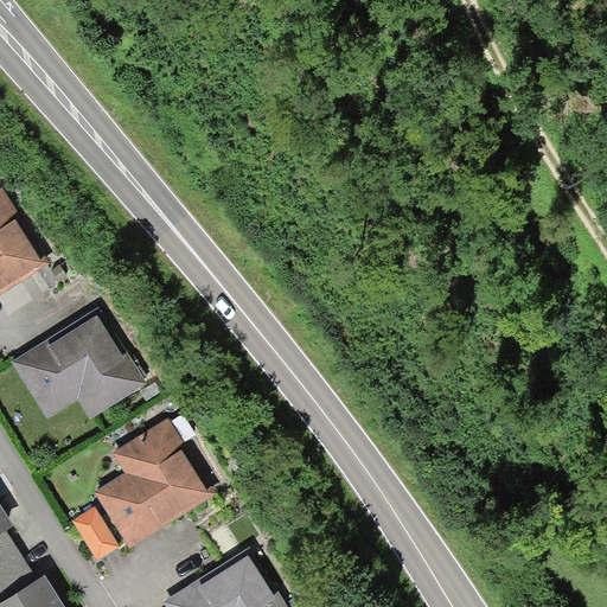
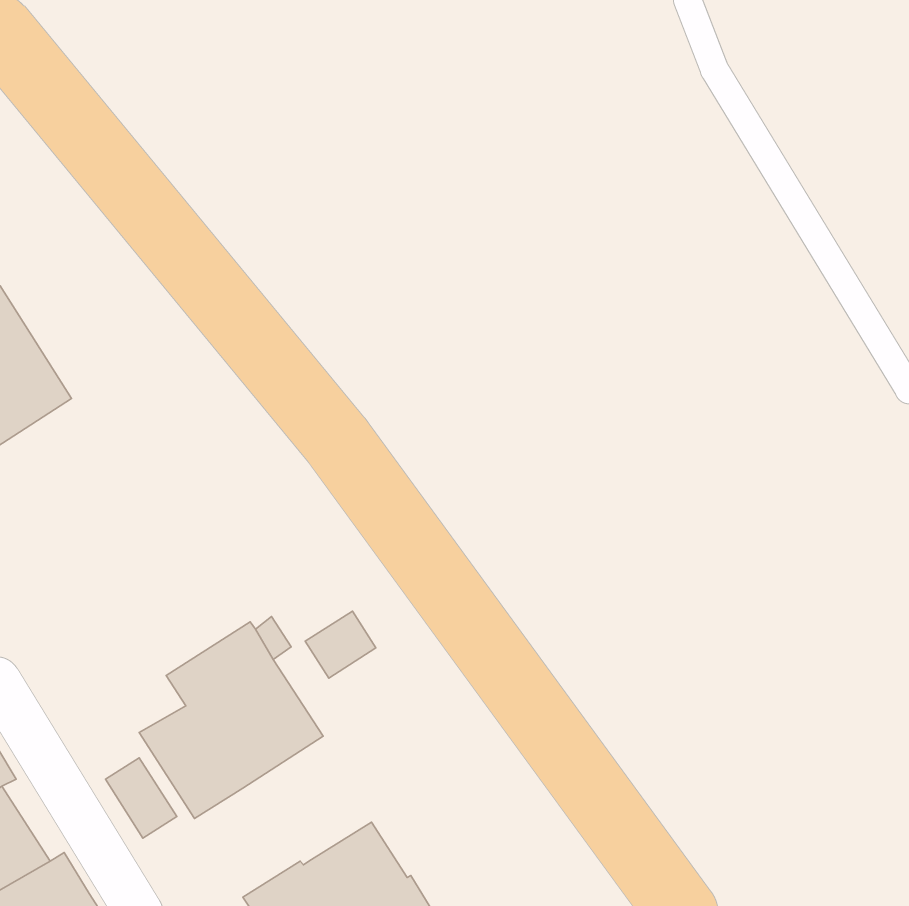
building: [11,311,146,418] -> none
building: none -> [305,611,376,678]

